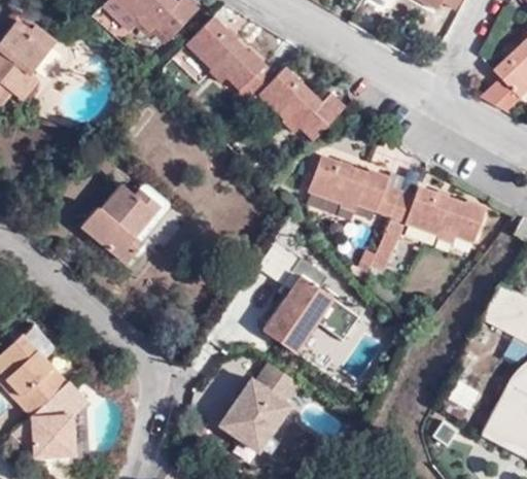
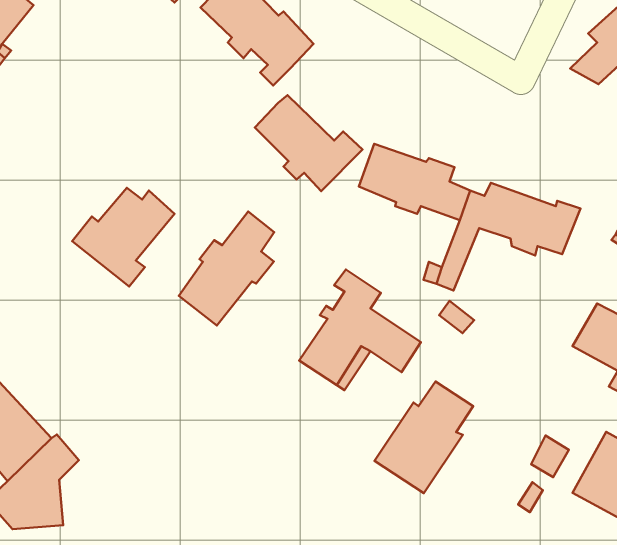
building: [256,68,342,144] -> [255,95,363,191]
building: none -> [179,211,274,325]
building: [219,357,297,446] -> [375,382,473,493]

